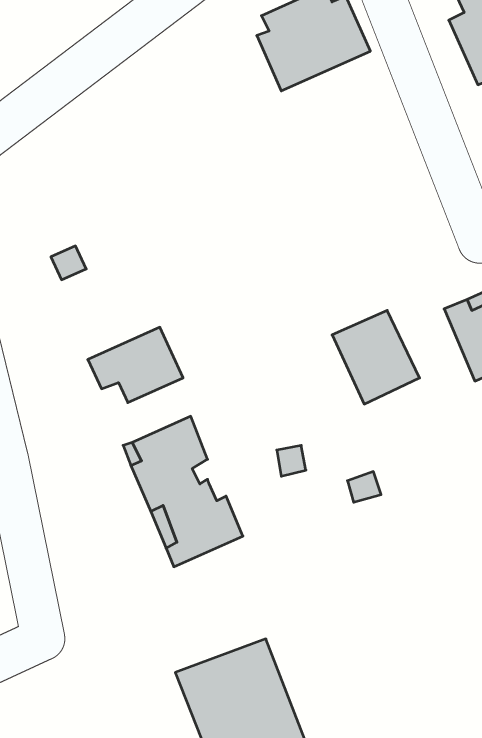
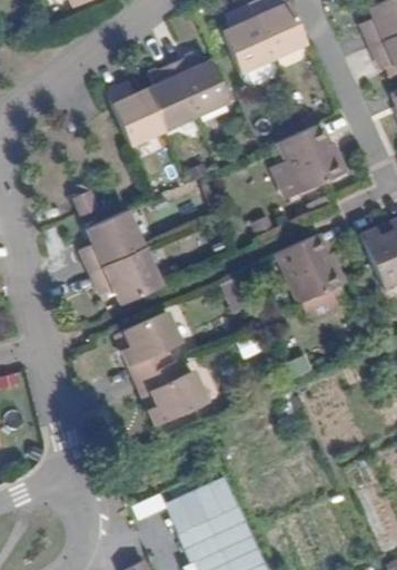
building: none -> [113,55,235,147]
building: none -> [284,126,348,195]
building: none -> [88,212,150,273]

